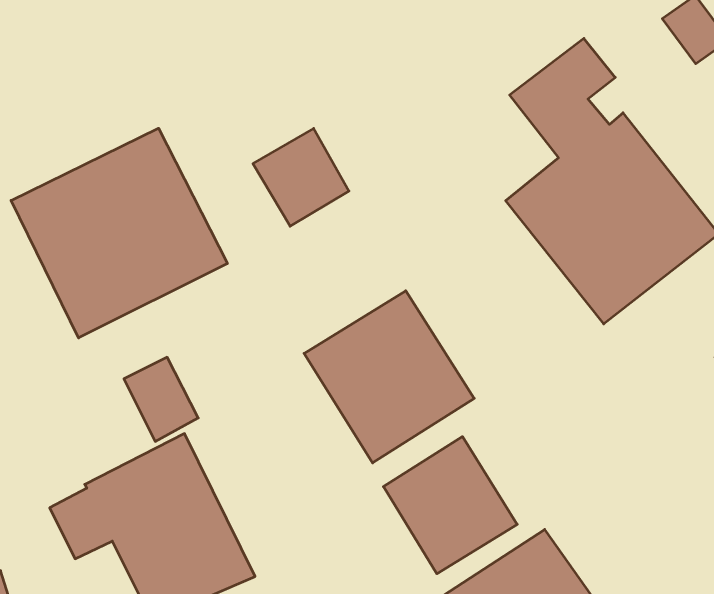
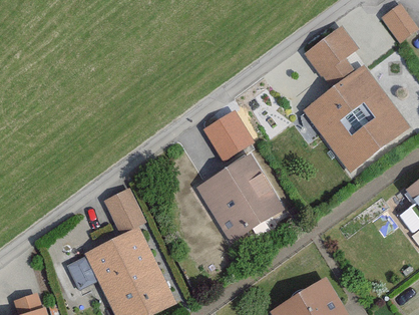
building: [11,128,227,338] -> none
building: [253,128,349,226] -> [206,109,256,160]
building: [383,437,517,574] -> none

